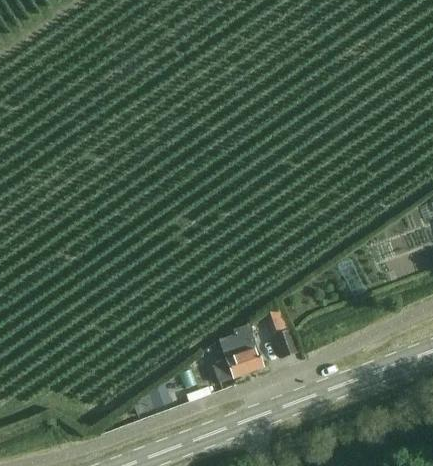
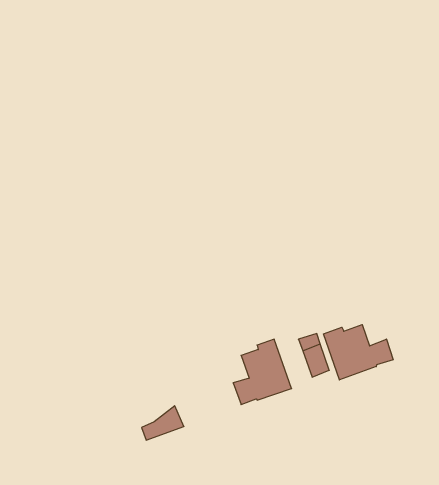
building: none -> [323,325,393,380]

